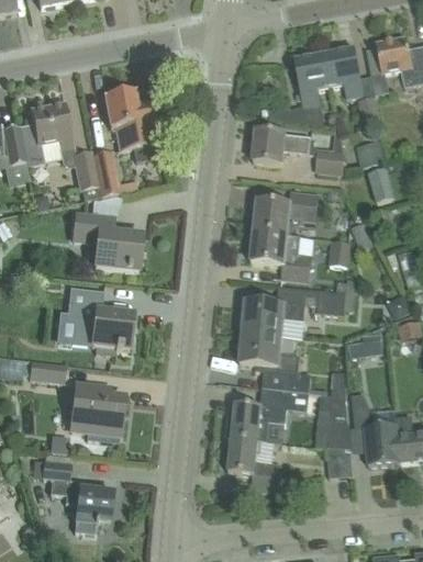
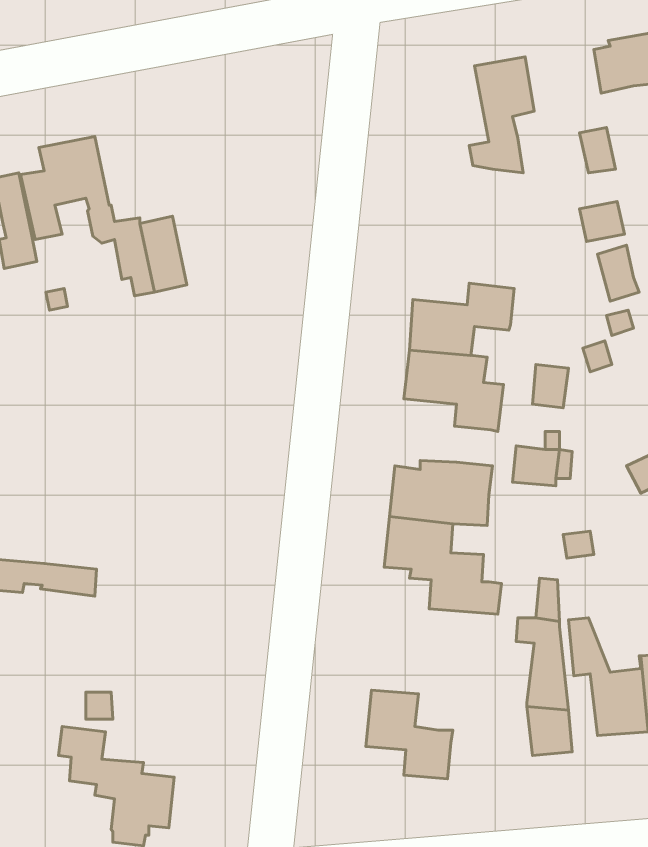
building: [325,47,364,98] -> none
building: [103,89,157,160] -> none
building: [254,127,345,173] -> none
building: [73,212,142,271] -> none
building: [67,286,133,350] -> none
building: [70,382,123,438] -> none
building: [227,389,309,441] -> none

